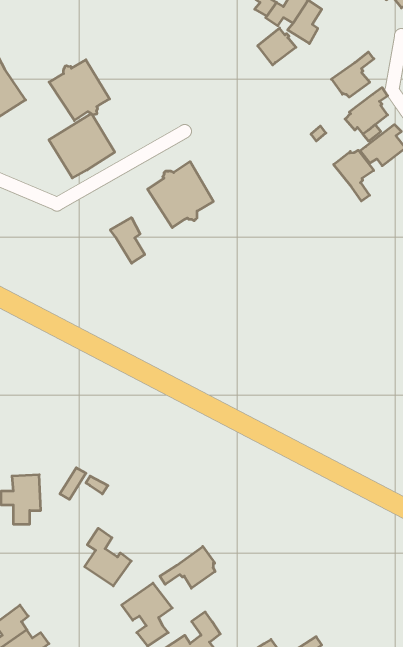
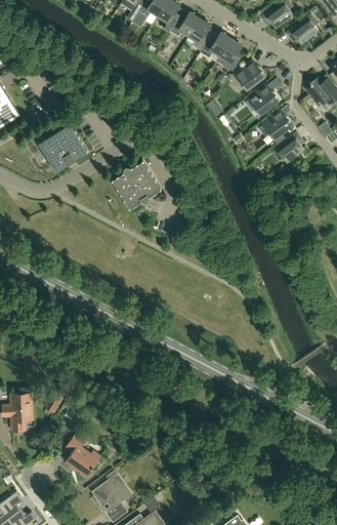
building: [258,28,296,65] -> [236,62,264,89]
building: [49,60,110,121] -> none
building: [334,150,374,201] -> none
building: [110,218,145,263] -> none
building: [160,546,215,588] -> none

